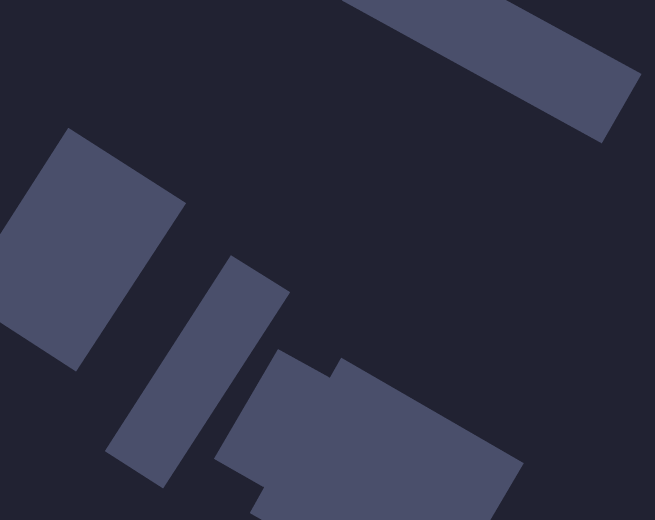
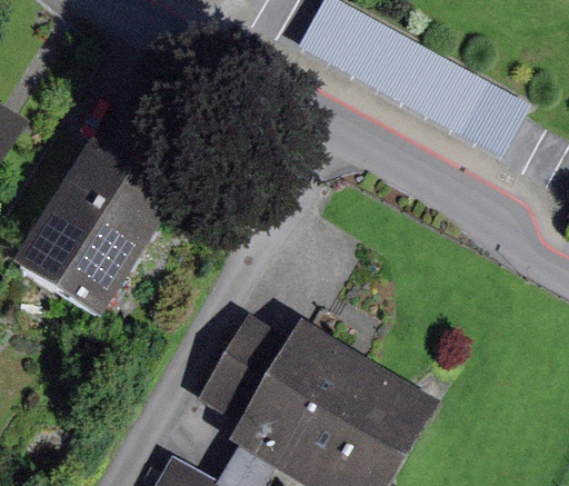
building: [104,254,291,490] -> none

